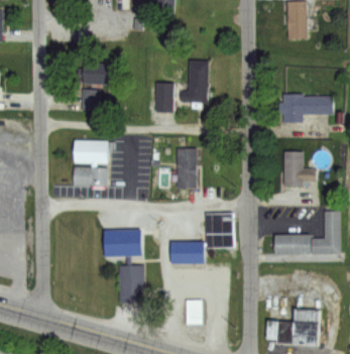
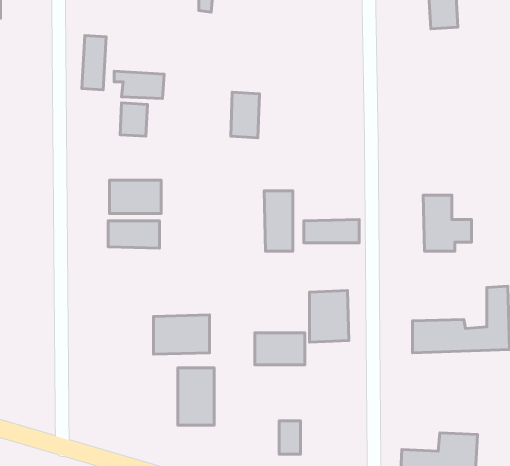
building: none -> [82,36,106,90]
building: [181,62,209,103] -> none
building: [284,93,333,123] -> none
building: none -> [304,220,359,243]

